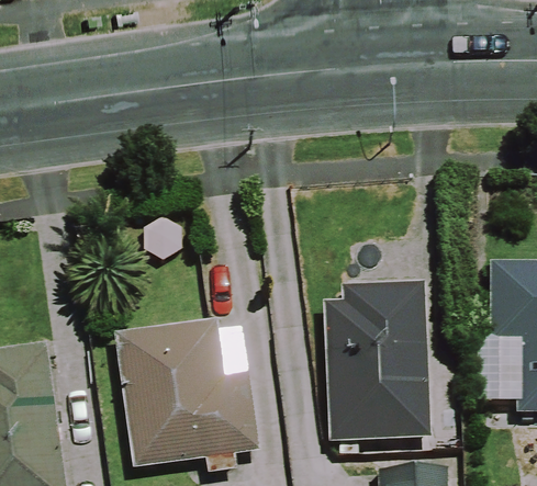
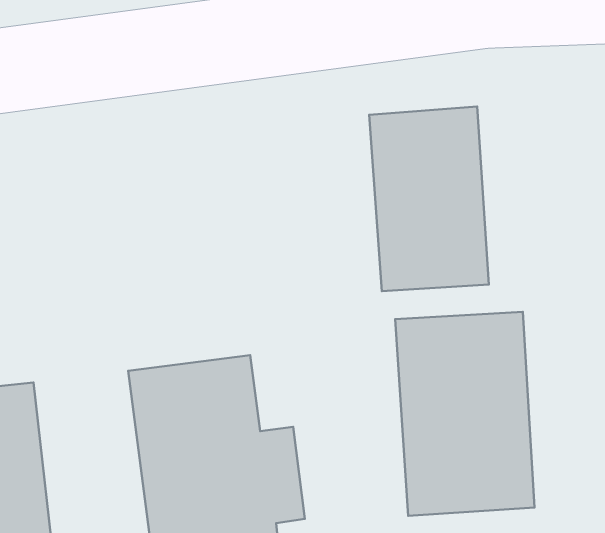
building: none -> [369,107,489,291]

